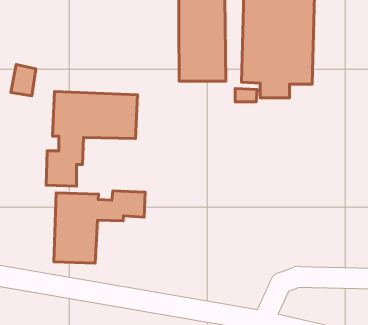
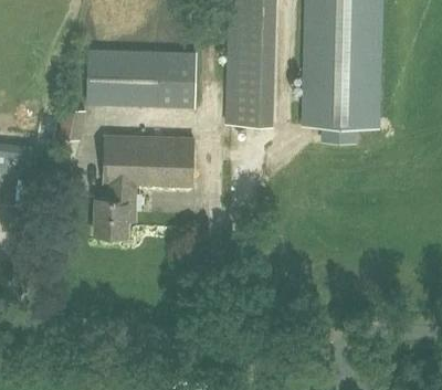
building: none -> [83,51,192,107]
building: [54,191,145,263] -> none

